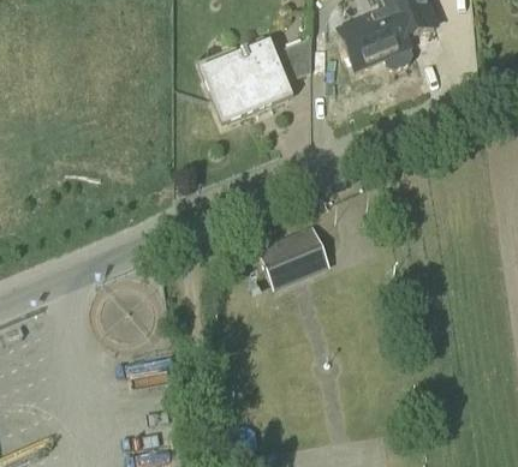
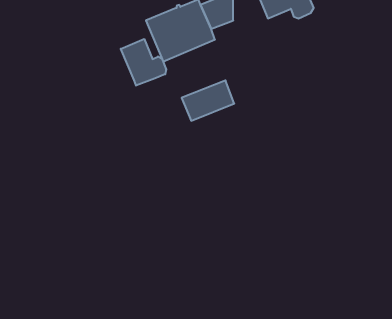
building: none -> [121,39,166,86]
building: [257,227,323,277] -> [182,80,234,121]

